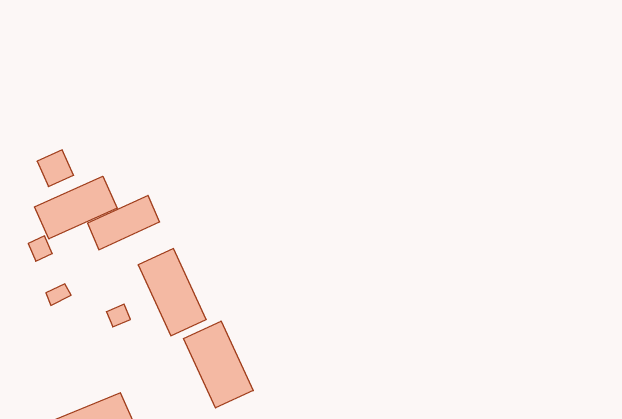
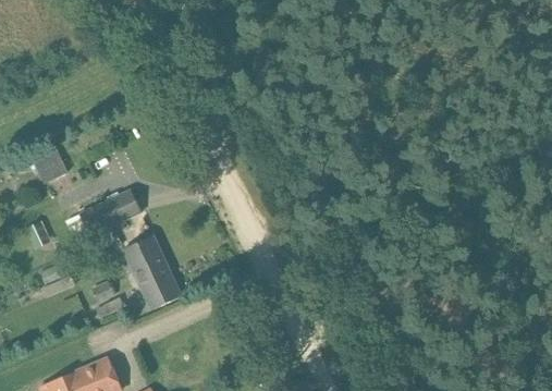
building: [34,176,117,239] -> none
building: [183,321,253,408] -> none

